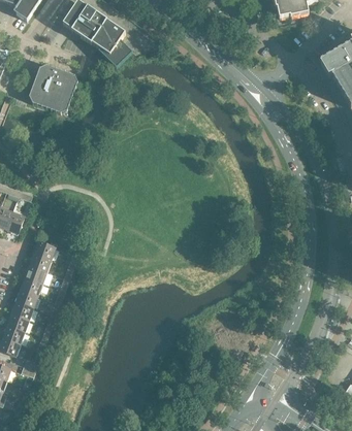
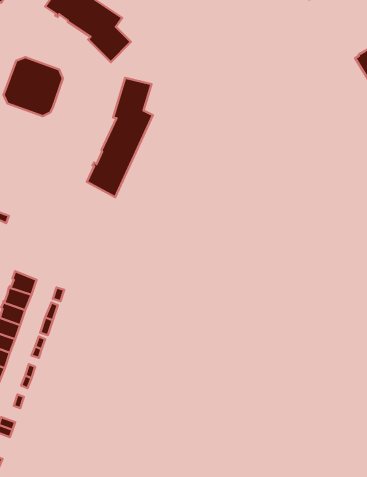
building: none -> [87,78,153,197]

